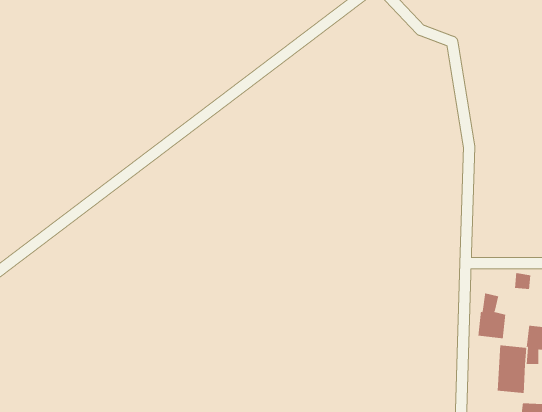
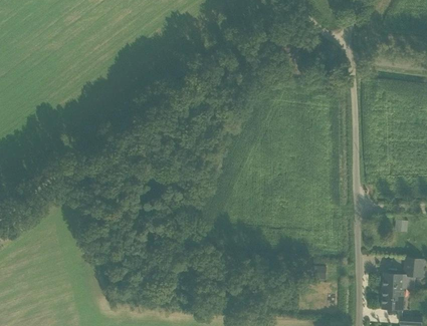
building: [478,292,506,339] -> none

